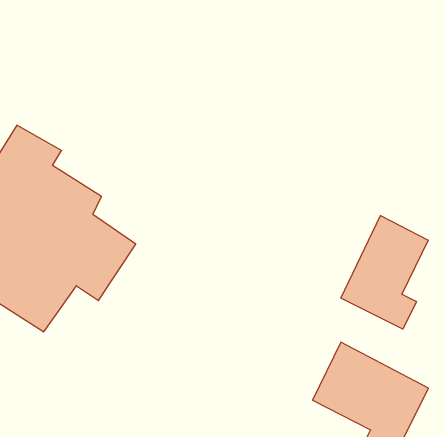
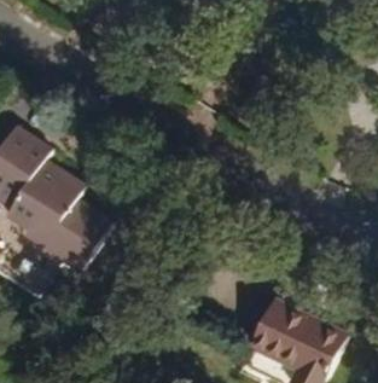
building: [341,216,428,329] -> none

